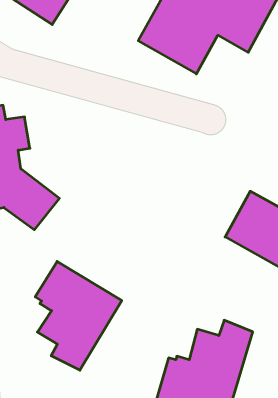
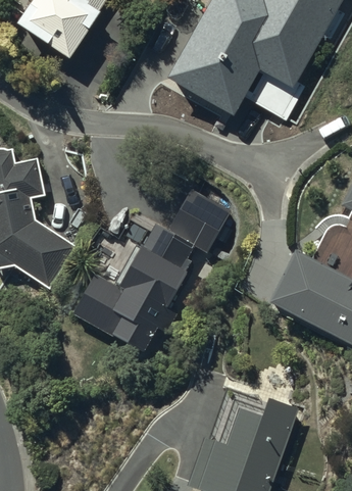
building: none -> [70,190,231,347]
building: [35,261,122,370] -> none

